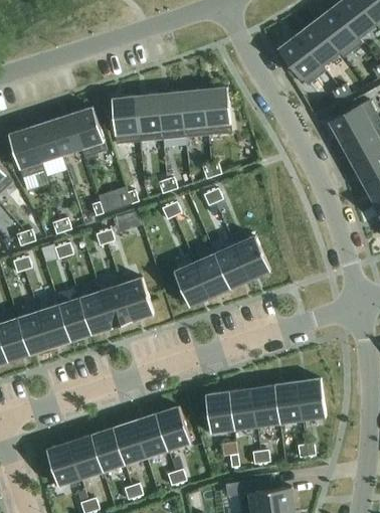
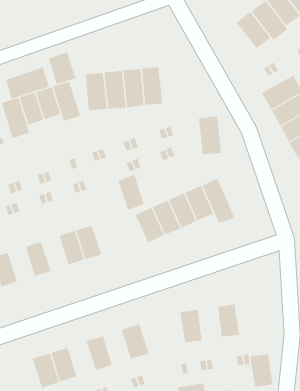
building: [277,35,325,86] -> none
building: none -> [48,51,76,85]
building: [202,87,231,135] -> [198,116,222,155]
building: none -> [5,67,50,99]
building: none -> [202,178,235,224]
building: [120,277,153,321] -> [118,174,145,210]
building: [57,298,89,341] -> none
building: [16,311,48,354] -> none
building: [296,378,325,419] -> [249,354,273,387]
building: [250,385,278,426] -> none
building: [204,391,233,433] -> none
building: [134,413,167,457] -> none
building: [89,428,124,471] -> none

